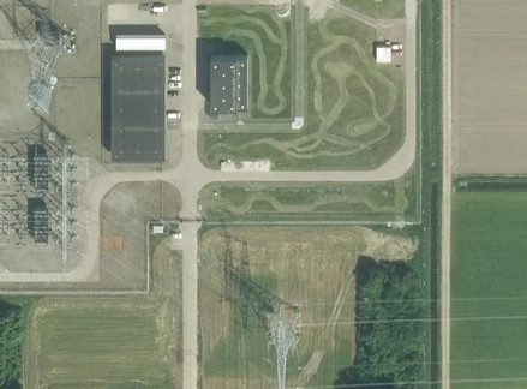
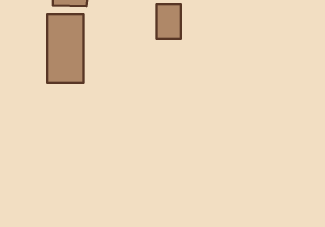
building: [210,58,246,109] -> [156,4,181,39]

